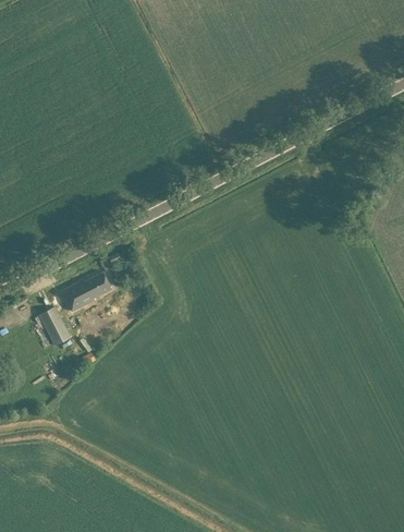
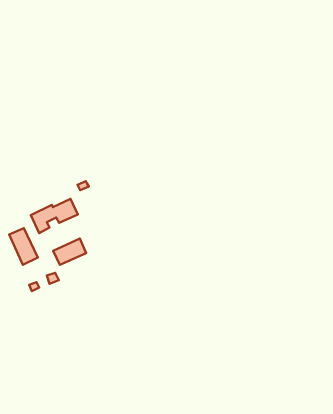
building: none -> [53,238,86,265]

